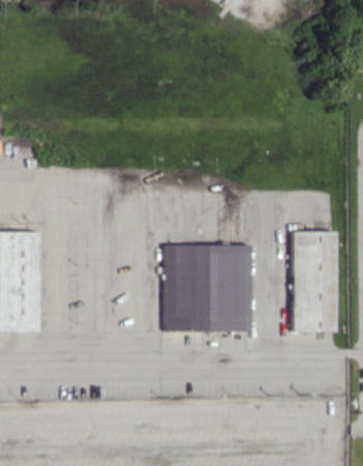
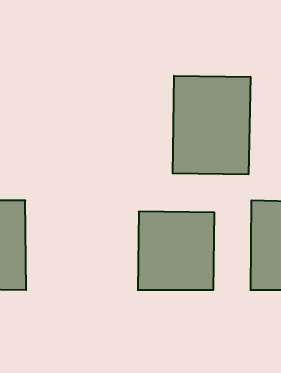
building: none -> [173,76,250,174]

